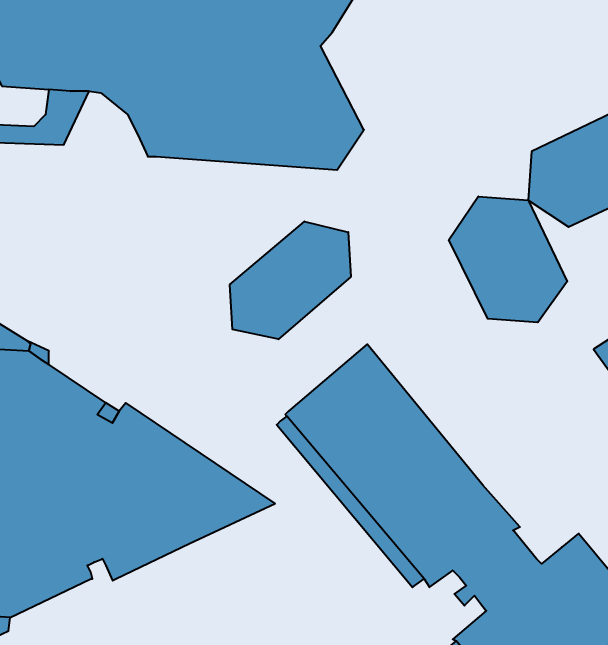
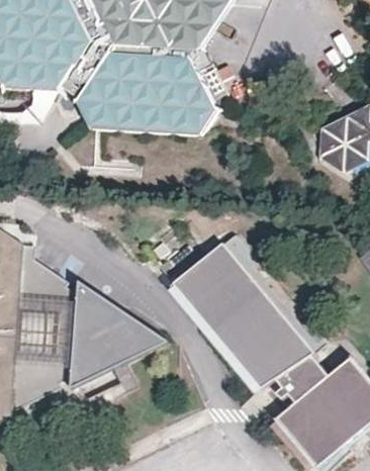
building: [449,196,567,322] -> none
building: [230,221,351,339] -> none

